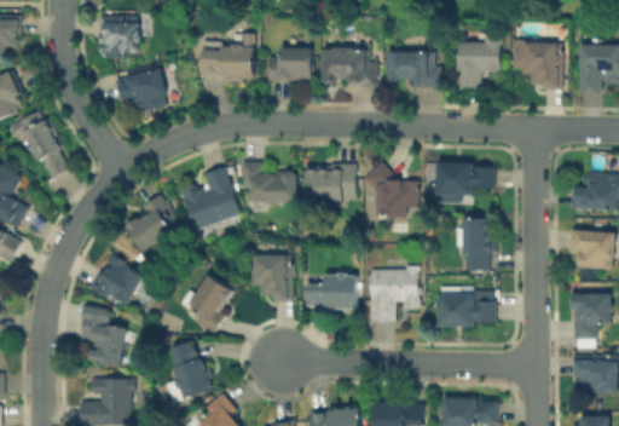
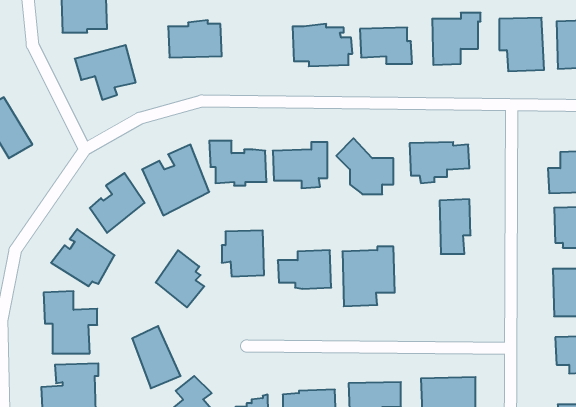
building: [256,48,312,85] -> none
building: [436,283,493,322] -> none

